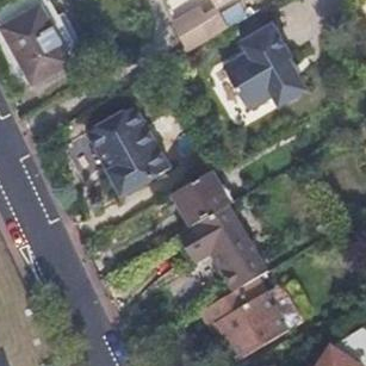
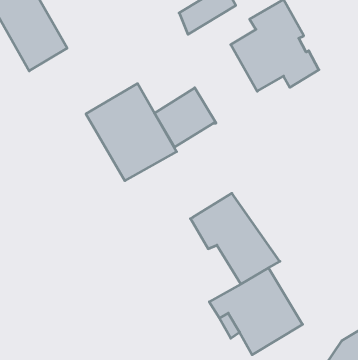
building: [169,170,228,227] -> [154,88,216,147]

